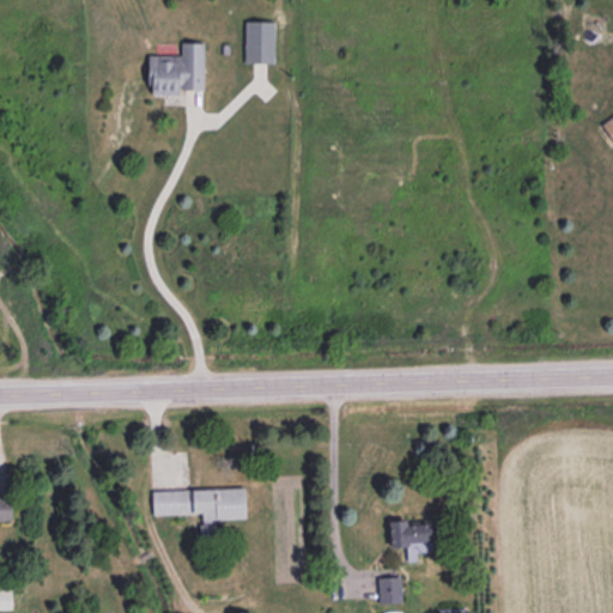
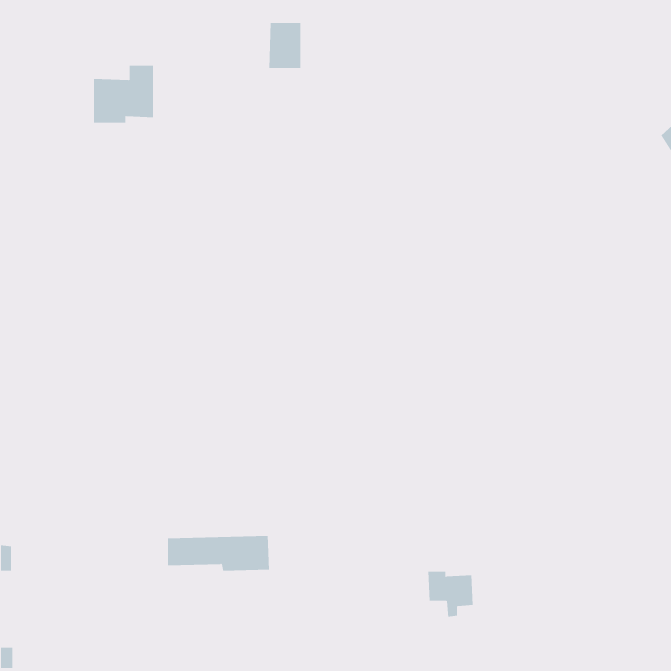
building: [150,43,205,96] -> [93,65,154,123]
building: [378,577,402,605] -> none

